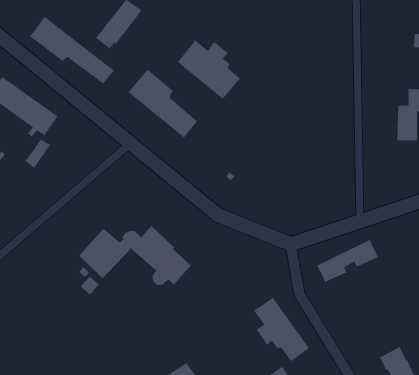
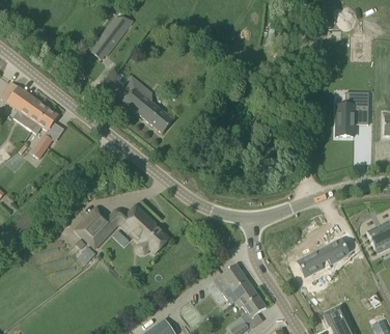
building: [29,16,115,85] -> none
building: [177,39,241,100] -> none
building: [316,239,379,283] -> [296,235,347,272]

